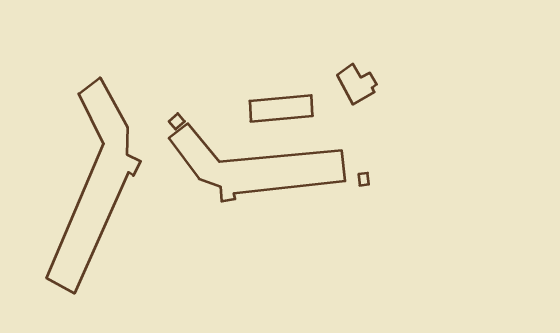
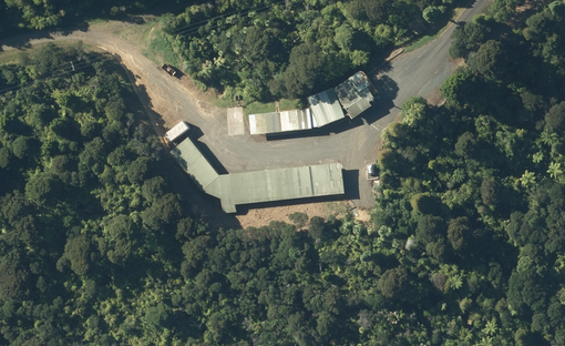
building: none -> [308,88,346,128]
building: [47,78,141,293] -> none

